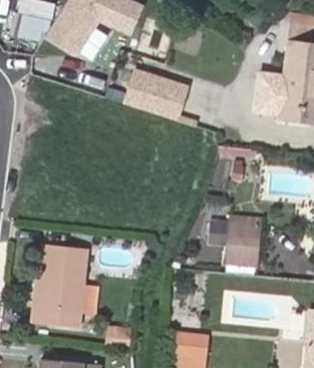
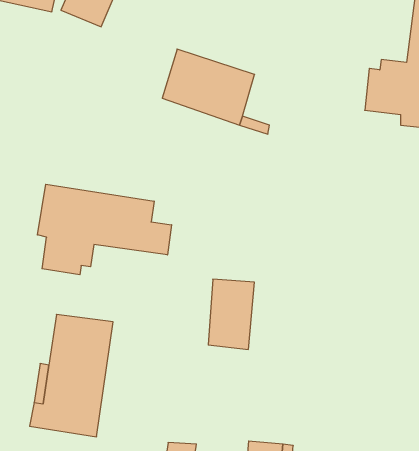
building: none -> [37,184,172,275]
building: [228,217,259,264] -> [208,279,254,349]

